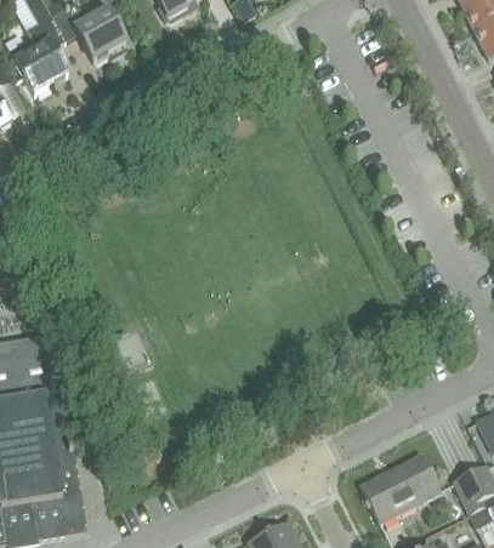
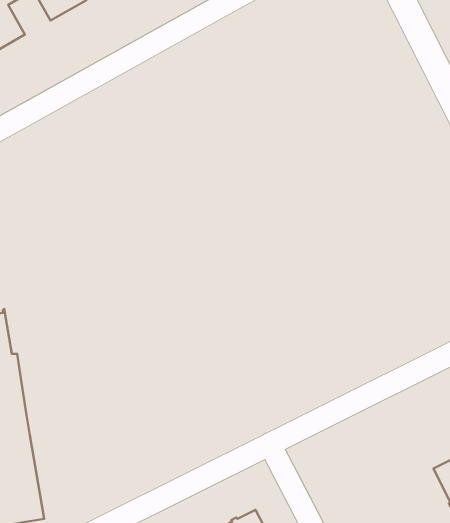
building: [360,453,441,521] -> none

